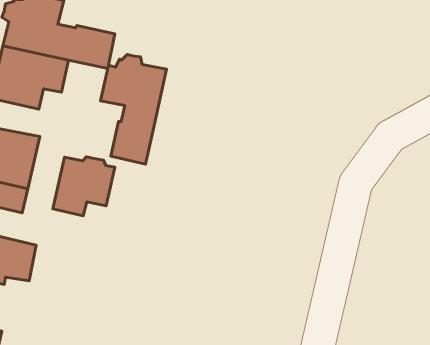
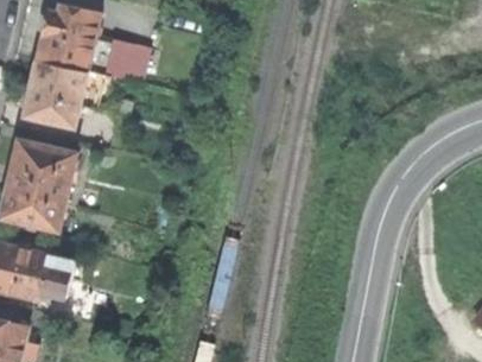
building: [101,54,166,164] -> none
building: [53,157,115,216] -> none

